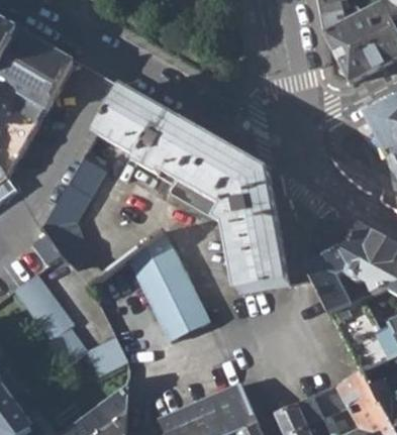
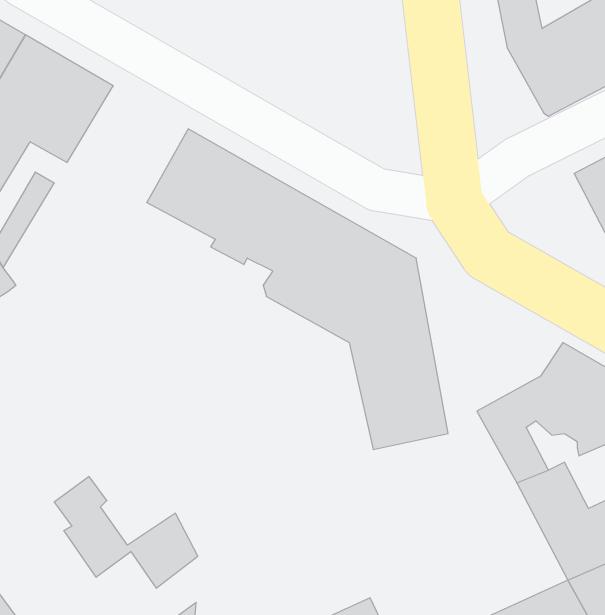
building: [42,158,104,268] -> none
building: [129,230,209,339] -> none
building: [13,271,61,323] -> none

